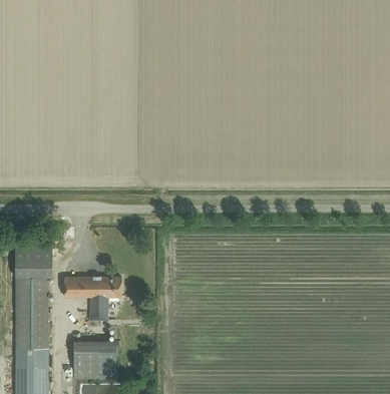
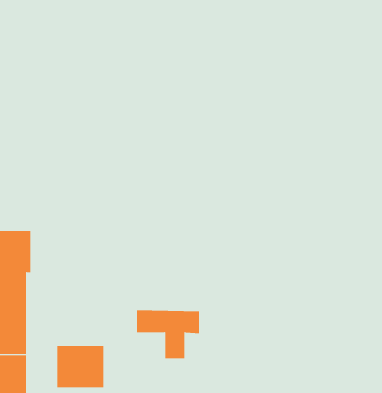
building: [64,277,120,320] -> [136,310,200,359]

